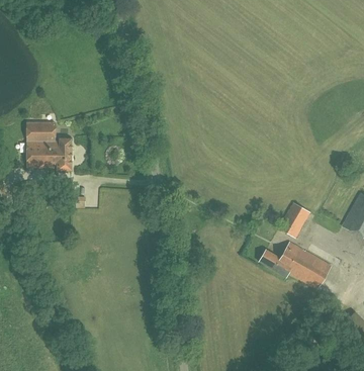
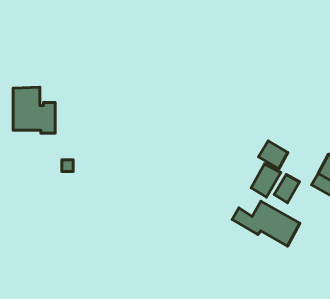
building: none -> [258,141,288,169]
building: none -> [274,175,300,203]

